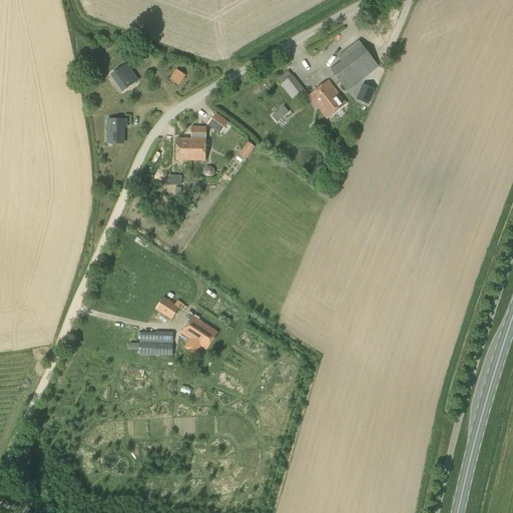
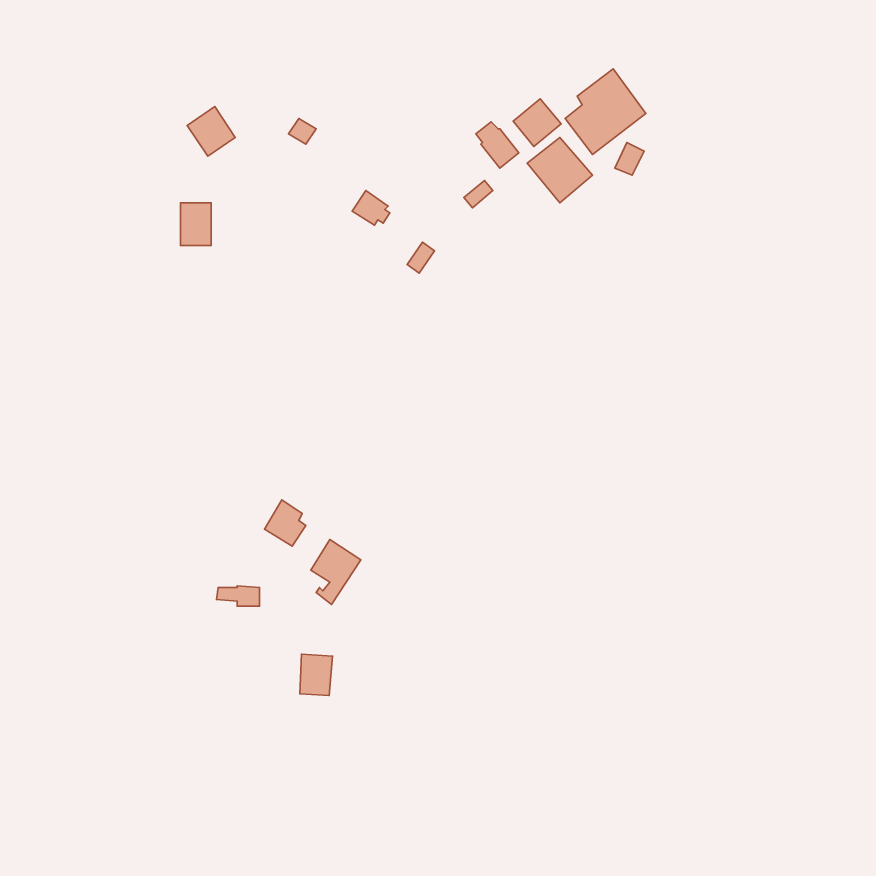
building: none -> [513,99,561,146]
building: [175,126,205,159] -> none
building: [153,331,172,355] -> [300,654,332,696]

